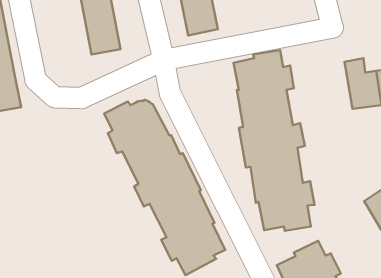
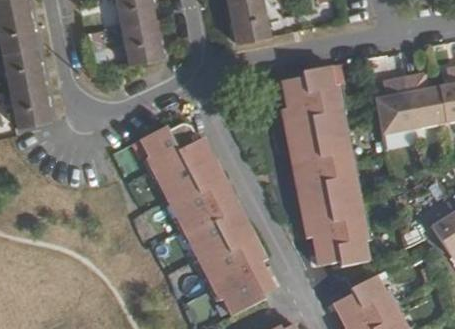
building: none -> [378,75,418,132]

